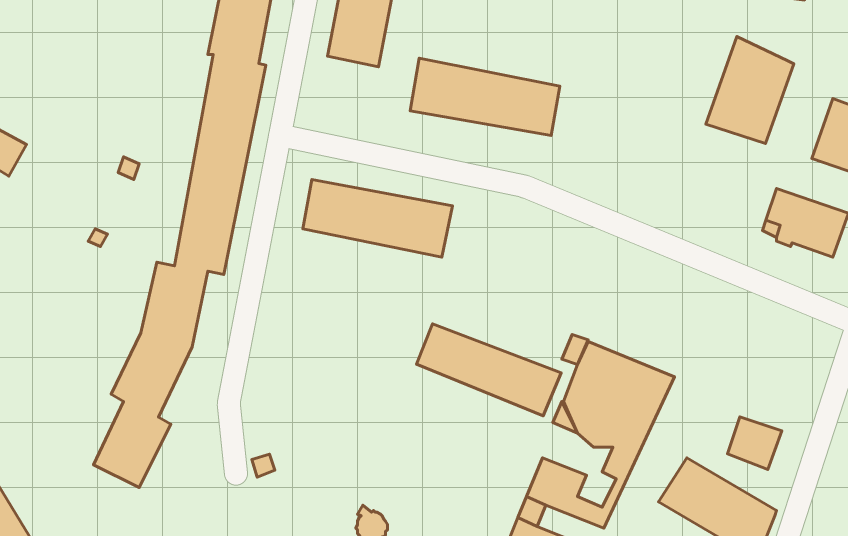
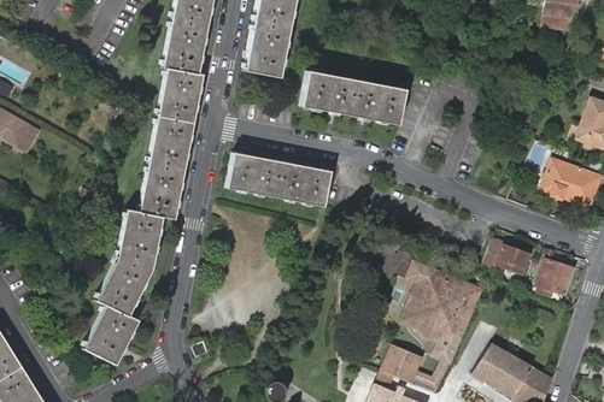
building: [706,37,794,143] -> none
building: none -> [483,238,530,273]
building: [416,324,561,416] -> none
building: [727,417,782,470] -> [538,259,575,295]

